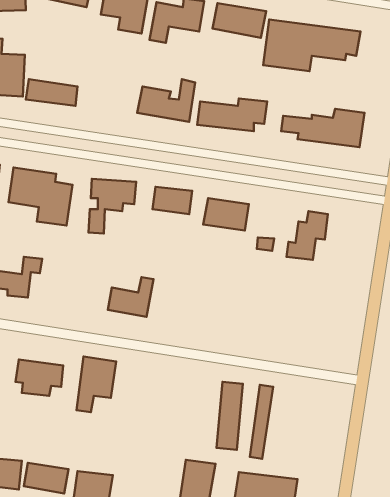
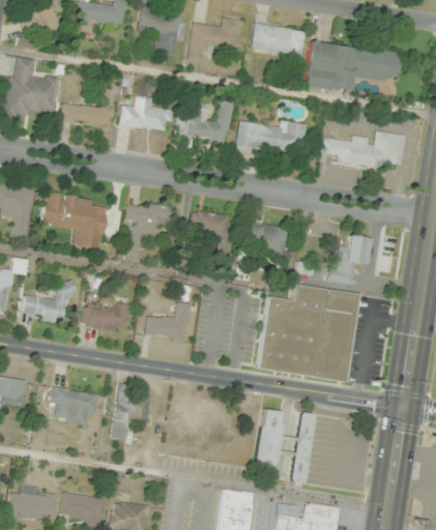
building: none -> [119,95,172,132]
building: none -> [257,285,358,382]
building: none -> [80,300,129,332]

